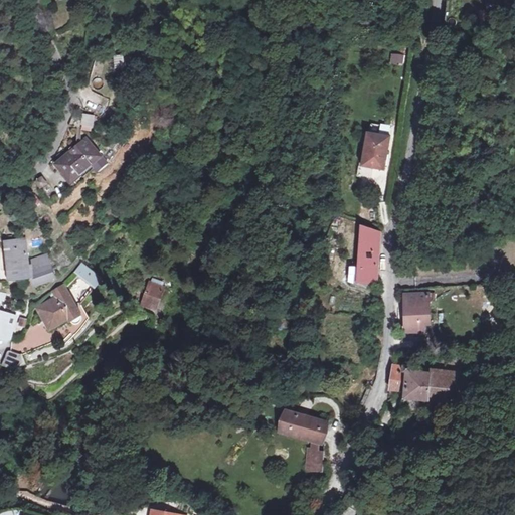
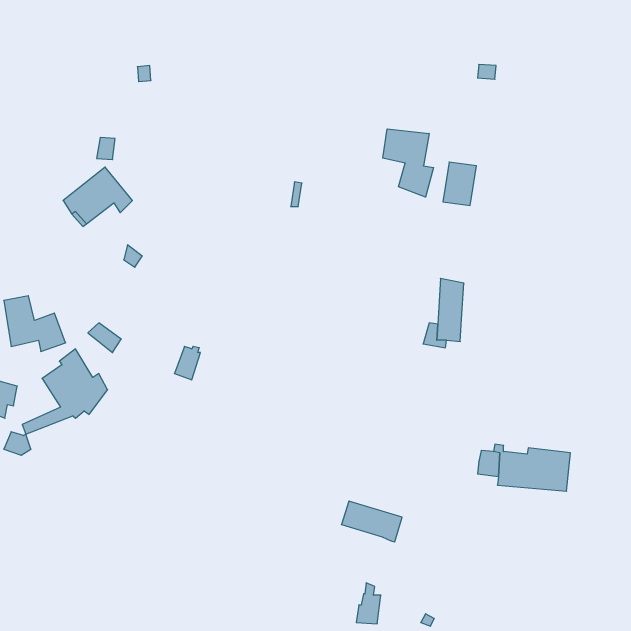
building: none -> [383,129,434,197]
building: [406,292,434,332] -> none
building: [303,437,323,470] -> [356,583,381,624]

